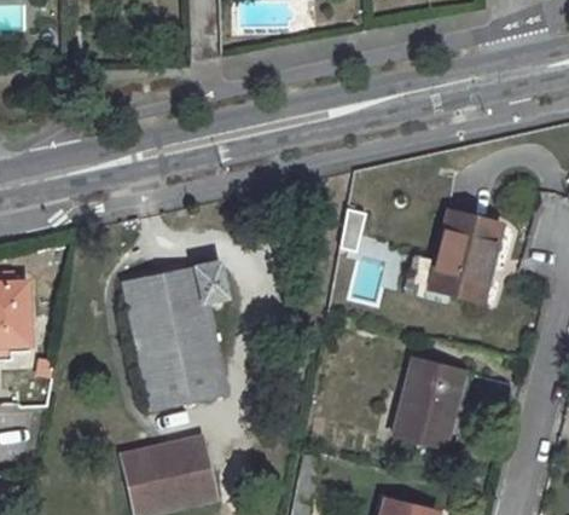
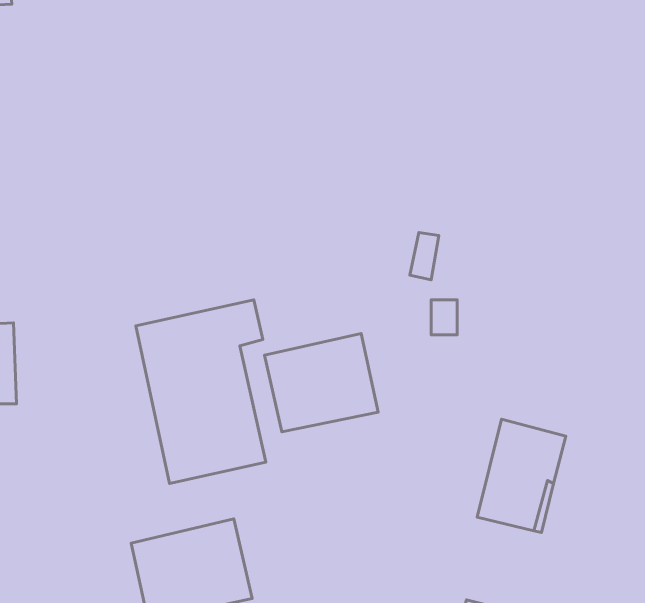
building: [431,212,503,300] -> none
building: none -> [264,333,378,432]

